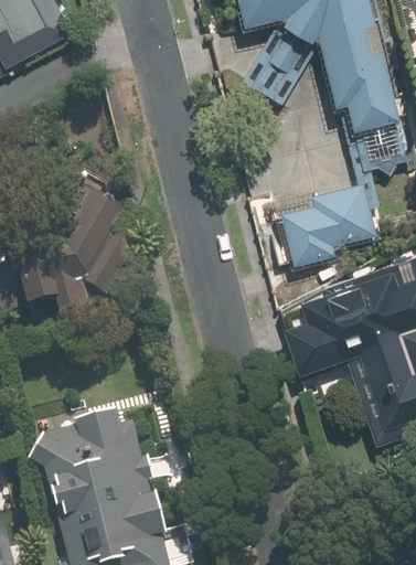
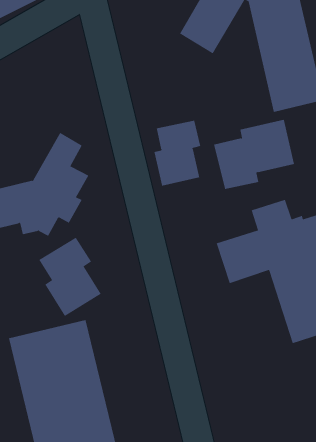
building: none -> [154,120,201,187]
building: none -> [39,237,102,317]

